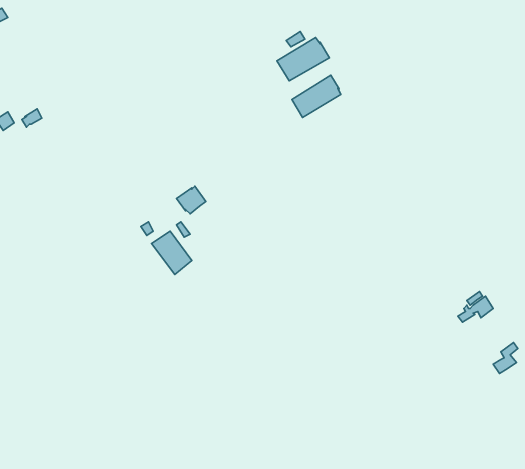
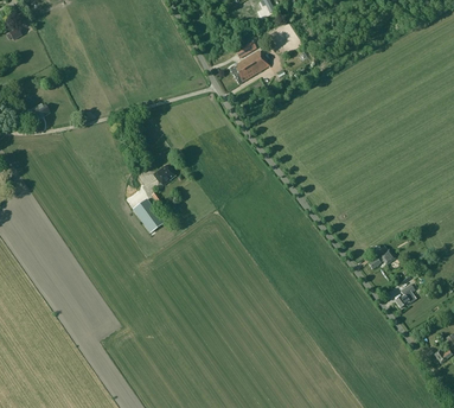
building: [292,75,341,117] -> none

